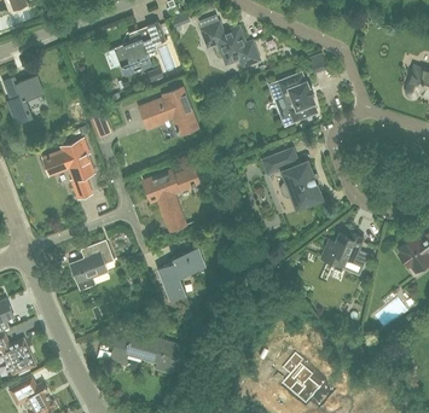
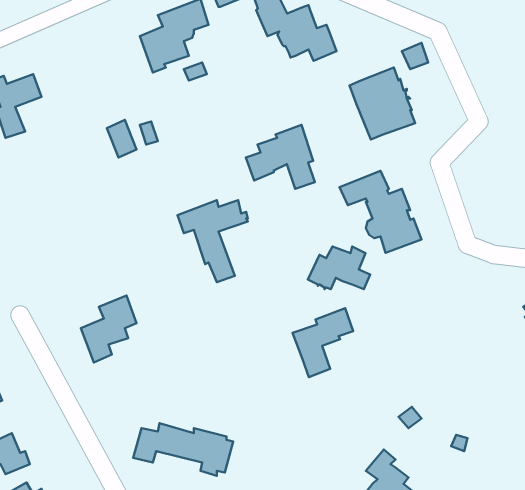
building: [141,87,192,134] -> [246,125,315,189]
building: [44,138,93,197] -> none
building: [321,233,367,264] -> [308,247,370,289]
building: [157,249,202,299] -> [293,308,353,377]

